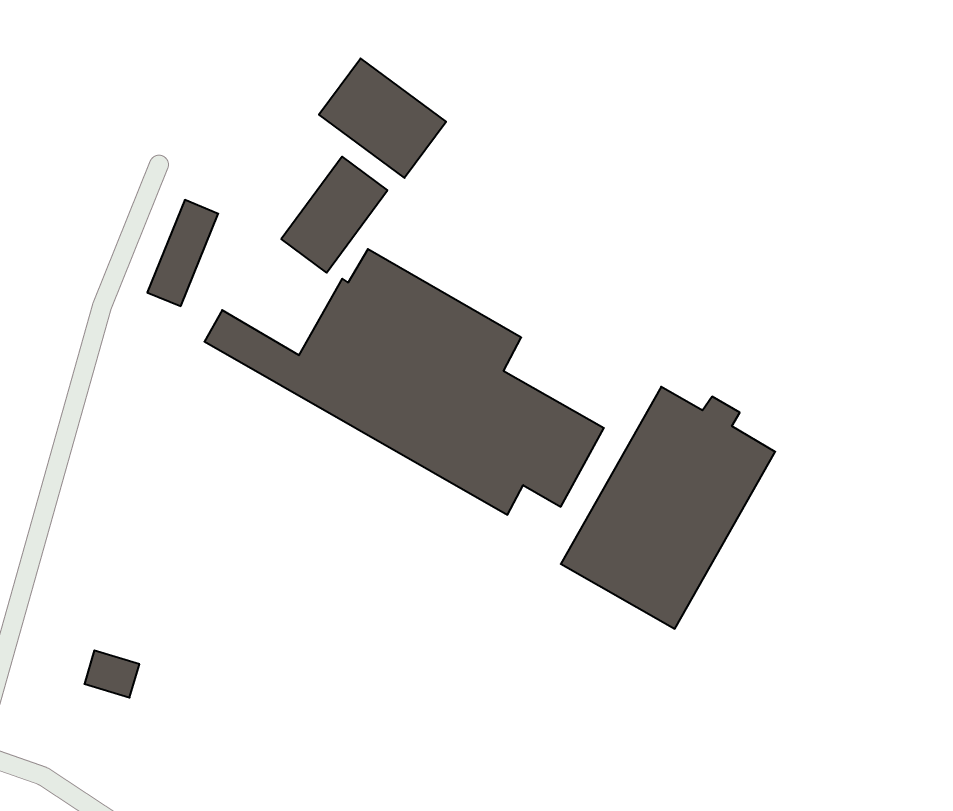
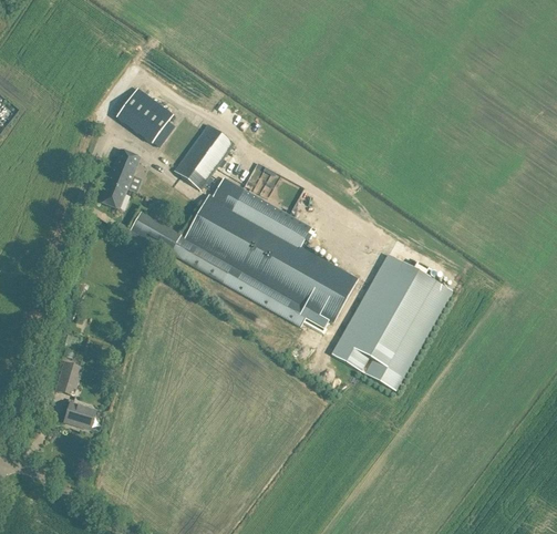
building: [319,58,446,178] -> none
building: none -> [115,89,172,143]
building: none -> [55,362,81,394]

